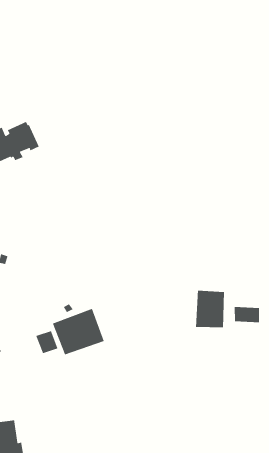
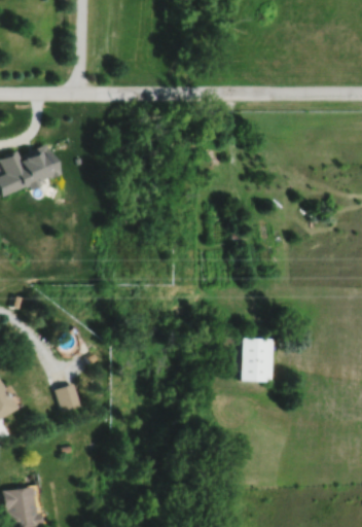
building: [234,306,260,323] -> none
building: [52,308,105,356] -> none

